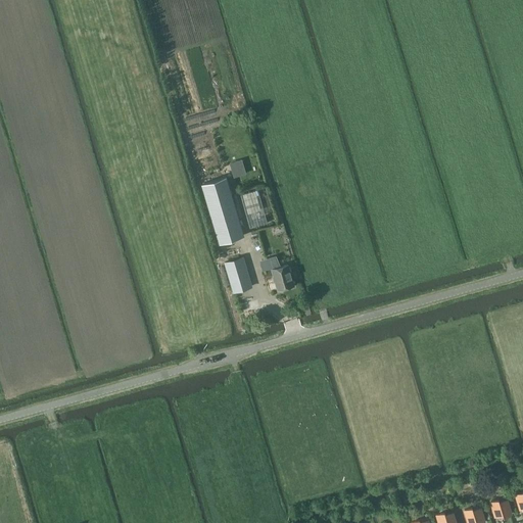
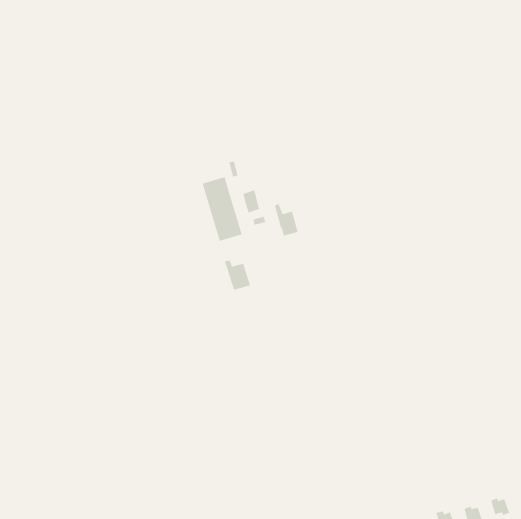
building: [269,258,293,291] -> [274,204,299,236]

